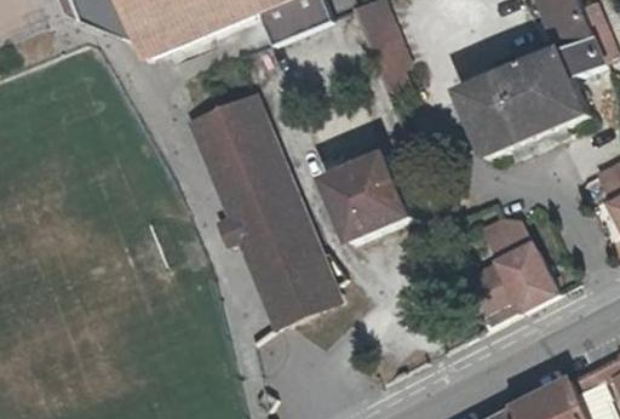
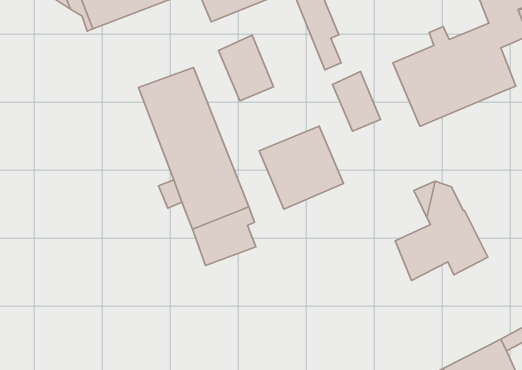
building: none -> [218,35,273,101]
building: none -> [333,71,381,131]
building: [265,254,334,325] -> none

